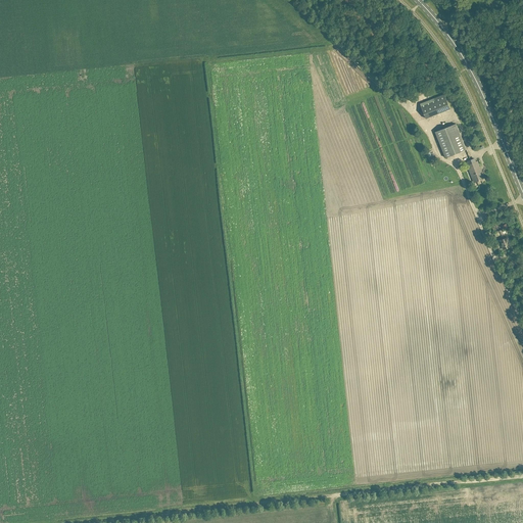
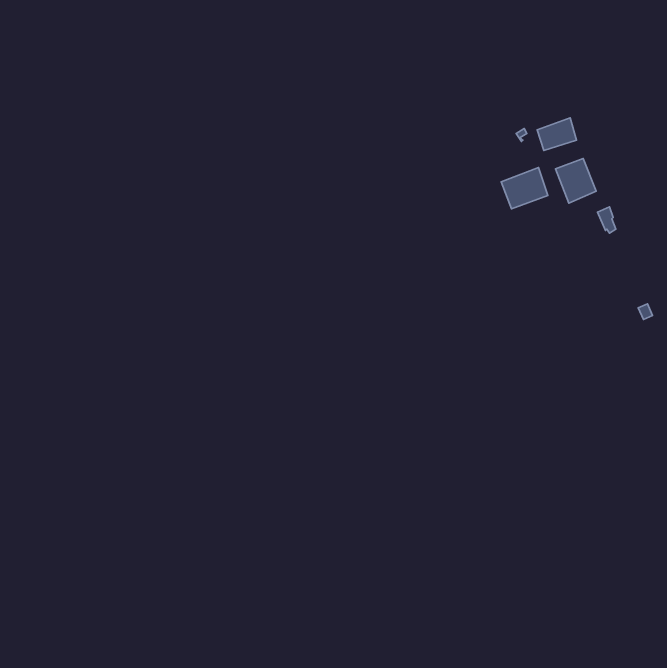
building: none -> [501,168,548,209]

